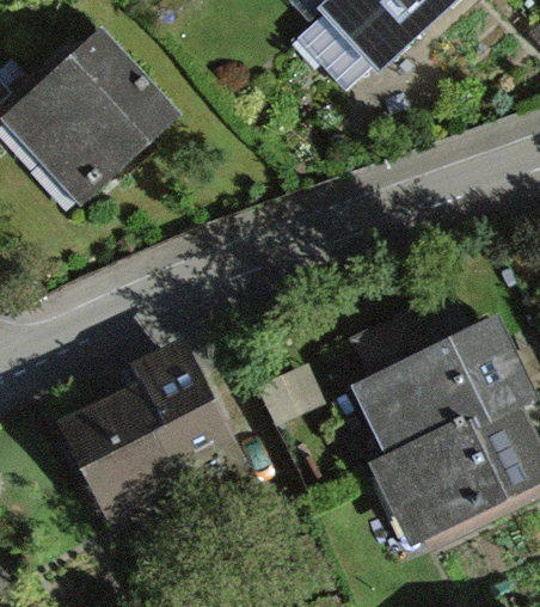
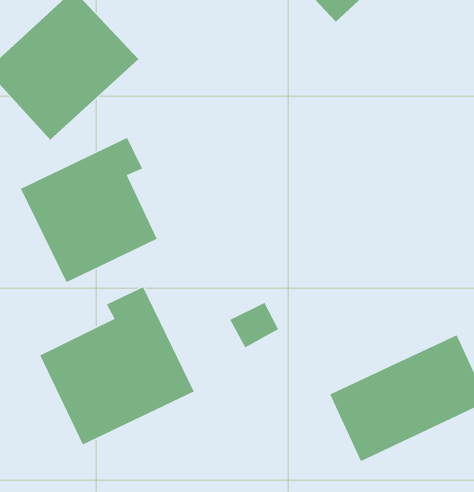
building: none -> [20,137,158,283]
building: [351,317,522,460] -> none

